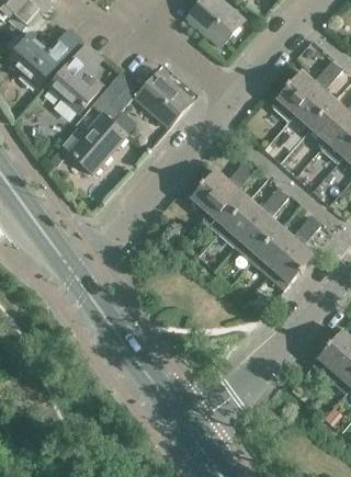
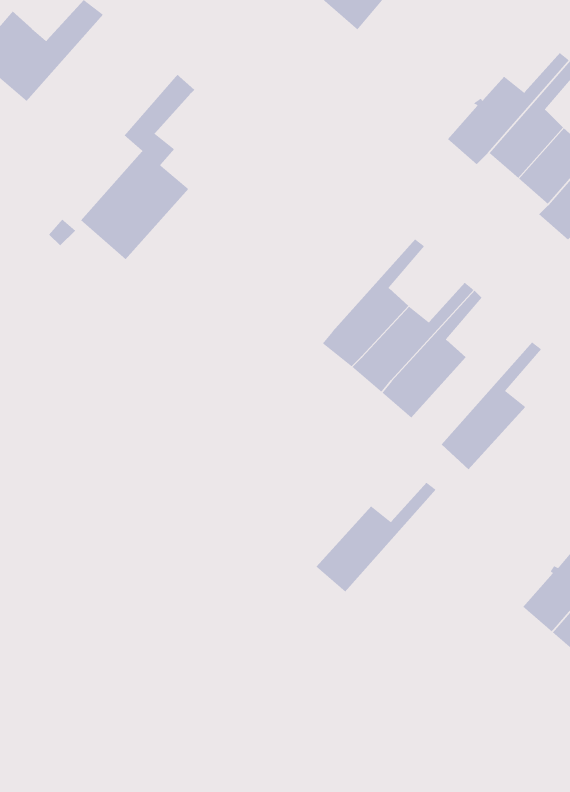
building: [49,43,101,111] -> none
building: [109,70,191,126] -> none
building: [191,157,252,213] -> none
building: [250,214,317,275] -> [316,482,436,593]

